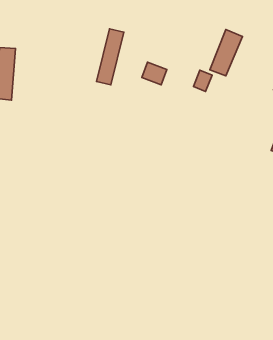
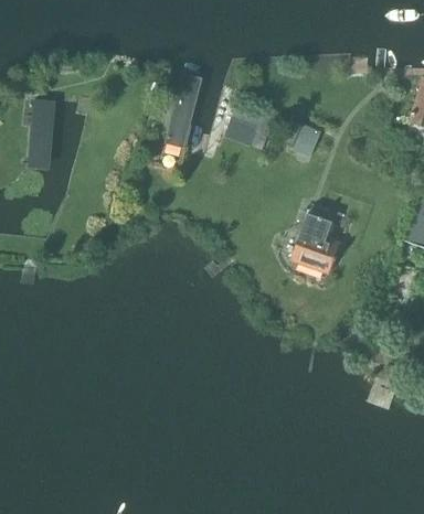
building: [210,30,243,76] -> none
building: none -> [293,213,342,275]

